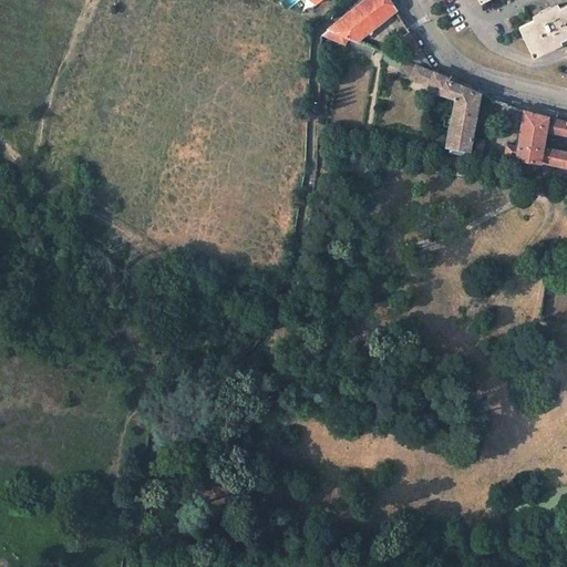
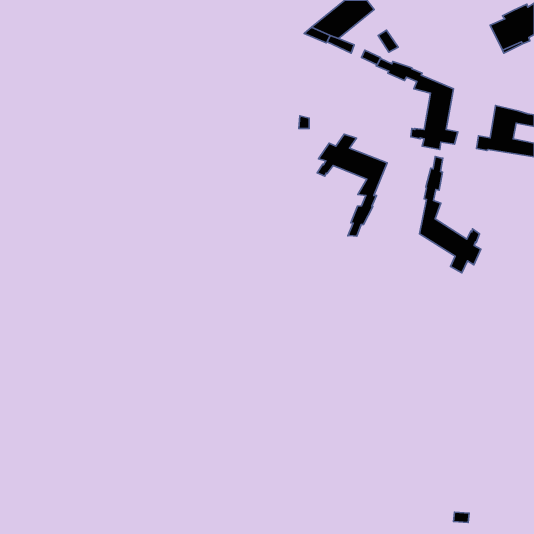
building: none -> [317,134,387,236]
building: none -> [420,156,481,273]

